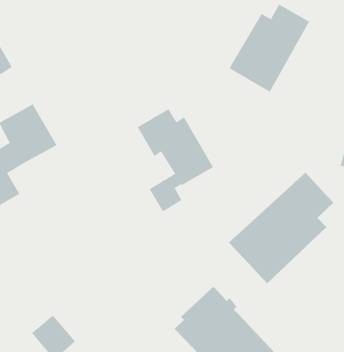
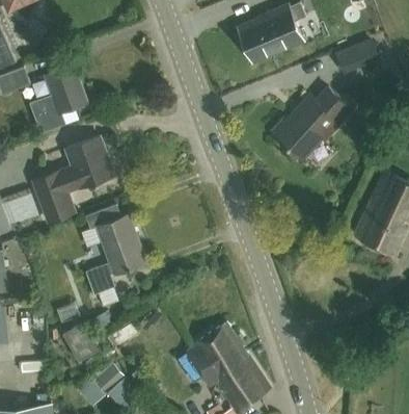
building: [137,109,214,212] -> [85,205,145,293]
building: [228,172,334,284] -> none

